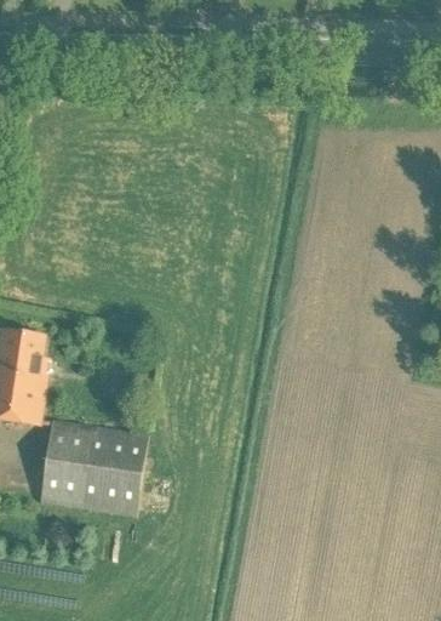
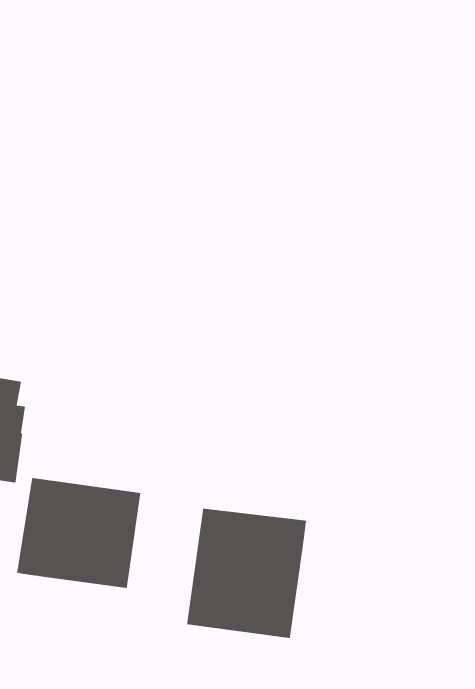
building: none -> [186,508,307,639]

